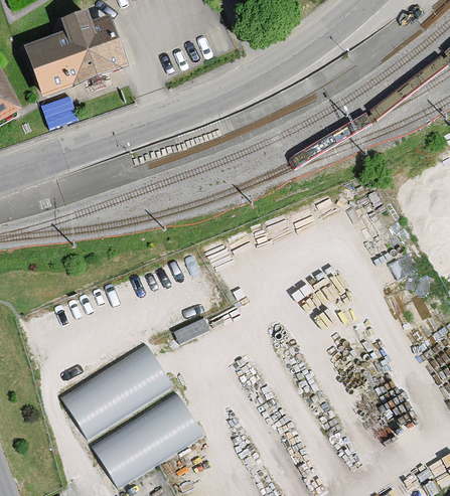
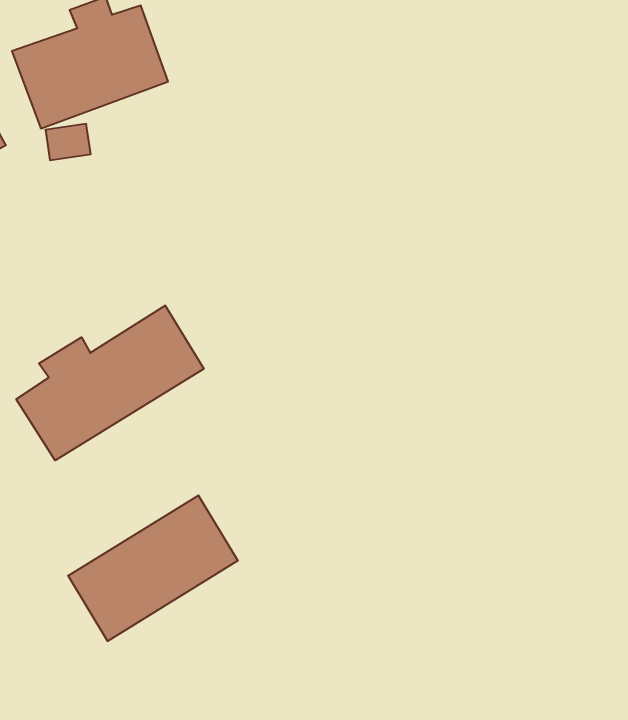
building: none -> [16,305,204,460]
building: [91,390,203,487] -> none

